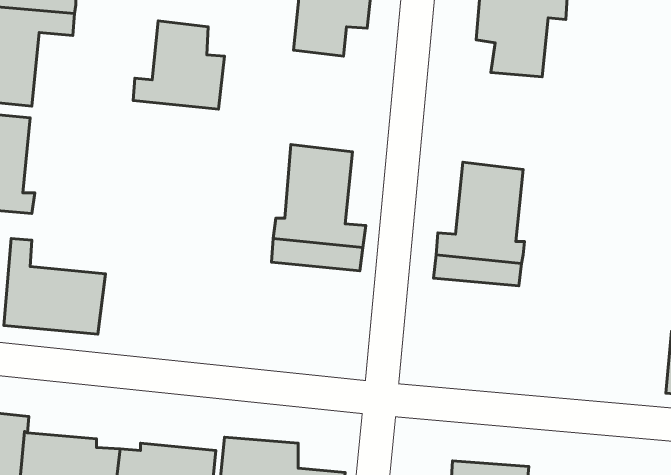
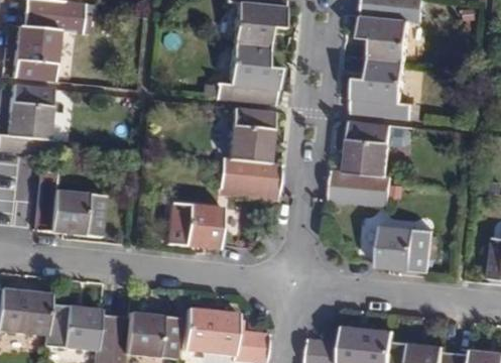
building: [133,21,224,109] -> [217,43,279,104]
building: none -> [351,58,411,118]
building: none -> [166,203,222,250]
building: none -> [377,225,432,272]

